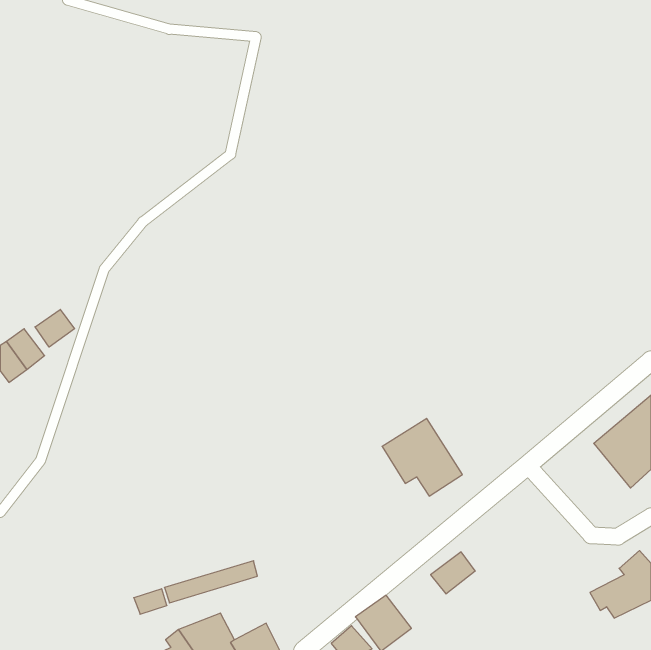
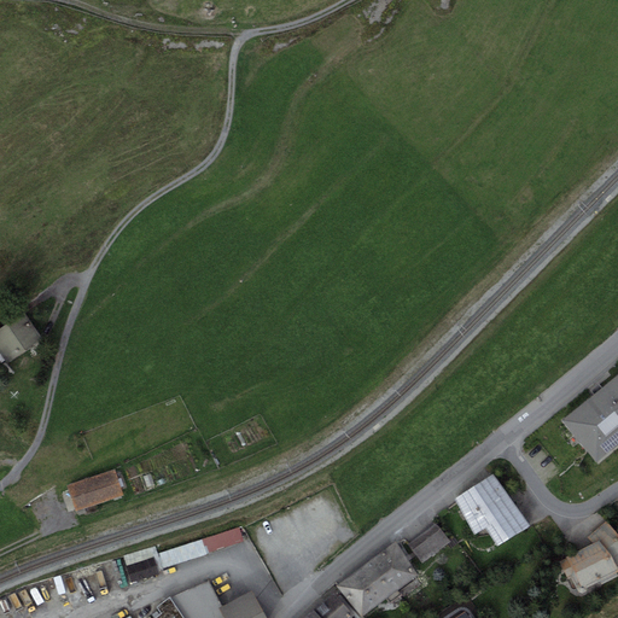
building: [35,309,75,347] -> none
building: [382,418,462,496] -> [453,473,529,547]
building: none -> [66,470,123,512]
building: none -> [366,543,419,596]

